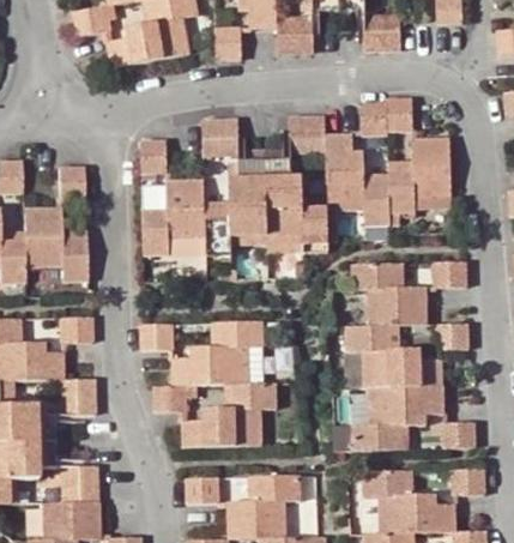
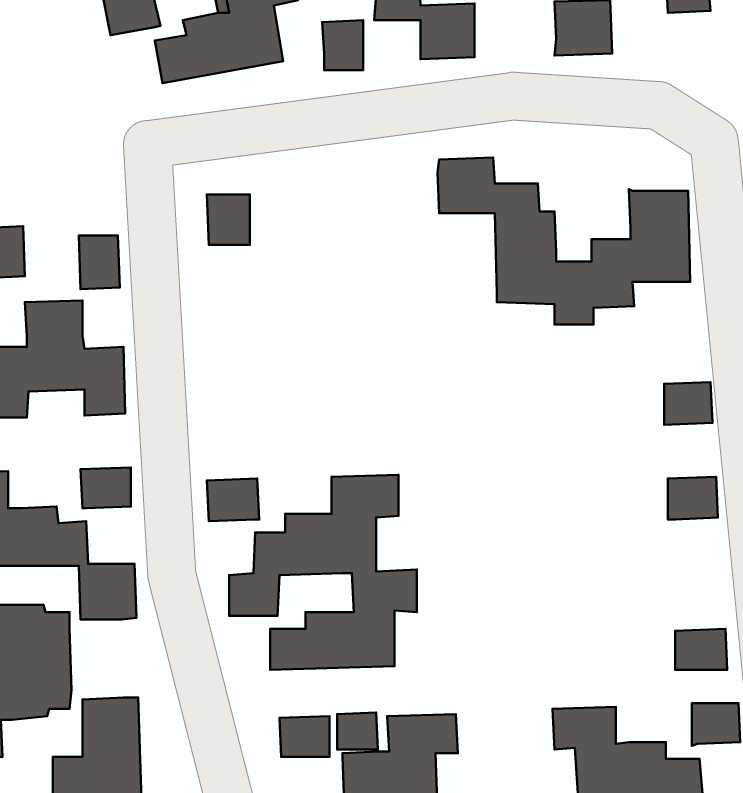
building: [362,98,415,135] -> none
building: [201,120,238,155] -> none
building: [143,161,329,257] -> none
building: [345,264,443,450] -> none

